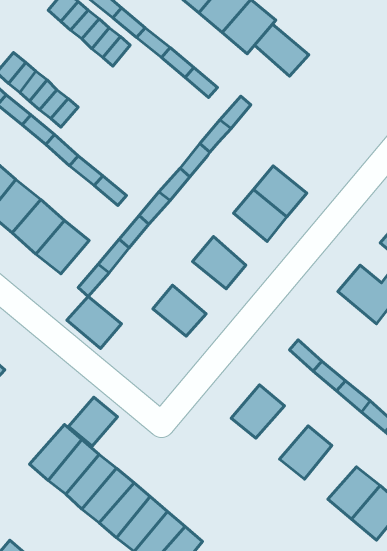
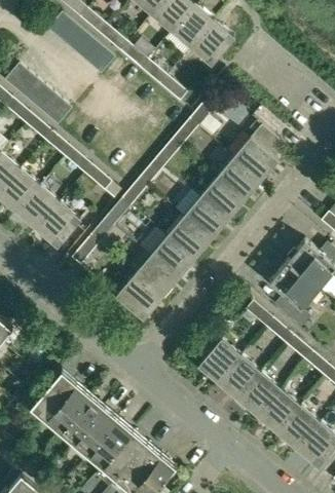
building: [254,24,309,76] -> none
building: none -> [233,123,286,180]
building: none -> [184,196,228,239]
building: none -> [150,236,194,279]
building: none -> [269,261,319,327]
building: [67,296,122,349] -> [116,275,161,318]
building: [68,397,118,446] -> none
building: none -> [219,355,262,400]
building: none -> [259,388,302,432]

